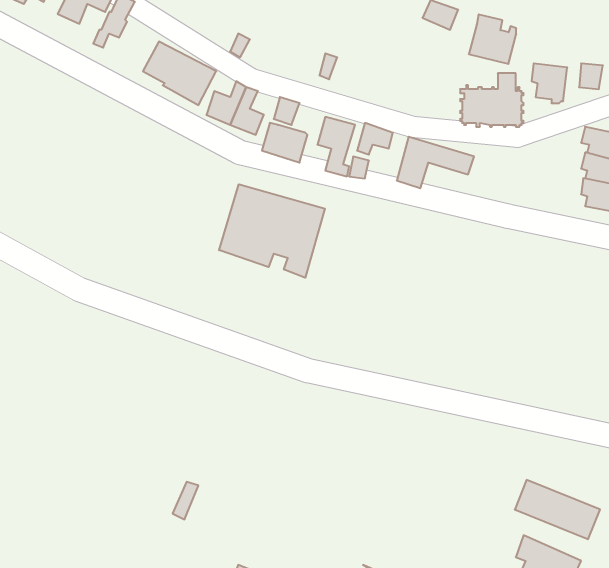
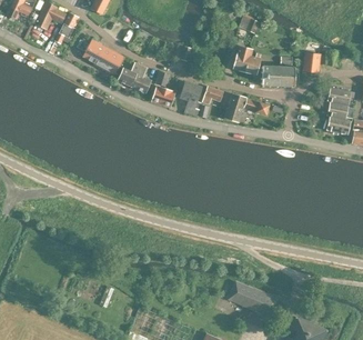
building: [469,14,516,64] -> [234,47,261,74]
building: [219,184,325,278] -> none
building: [515,480,600,539] -> [230,282,278,316]

